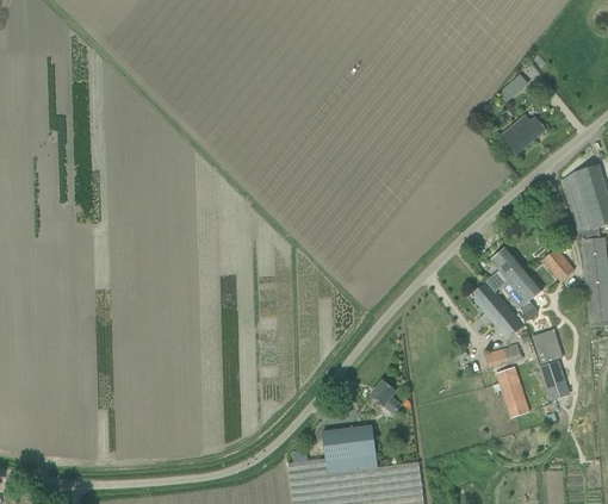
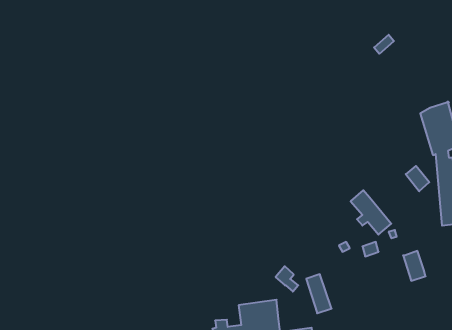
building: [501,114,545,154] -> none
building: [486,245,542,319] -> none
building: [532,329,562,363] -> none
building: [496,366,529,417] -> [306,274,332,313]

